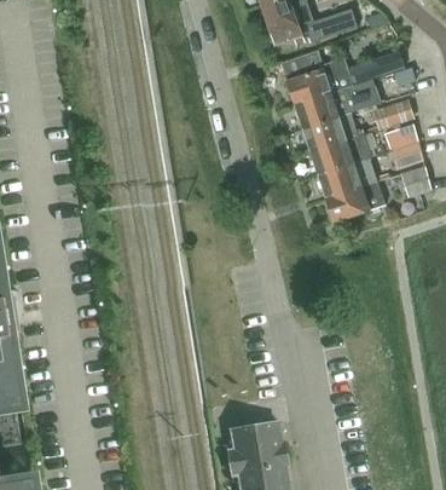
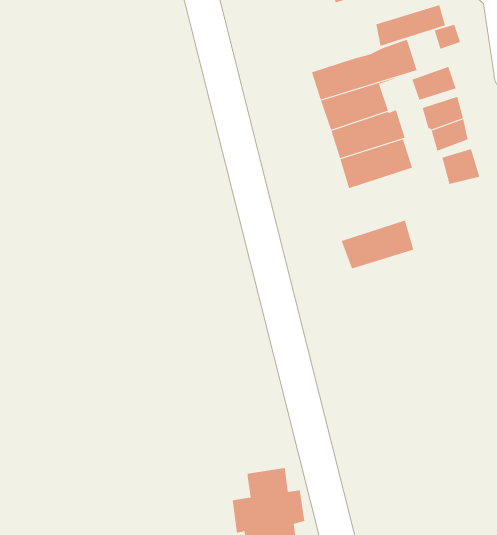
building: [285,57,351,104] -> none
building: [324,181,383,221] -> [341,220,414,269]

